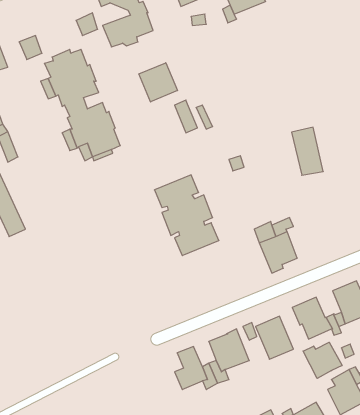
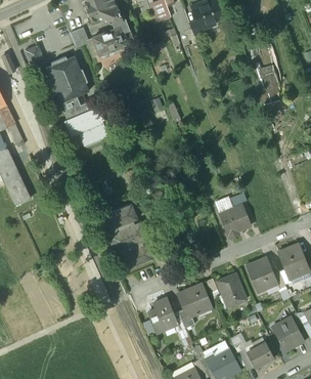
building: [139,63,177,102] -> none
building: [292,127,323,175] -> [256,64,281,102]
building: [154,175,219,256] -> [101,204,153,269]
building: [303,342,342,378] -> none

